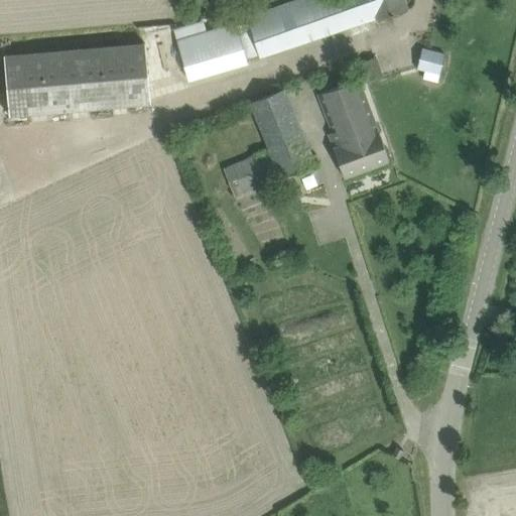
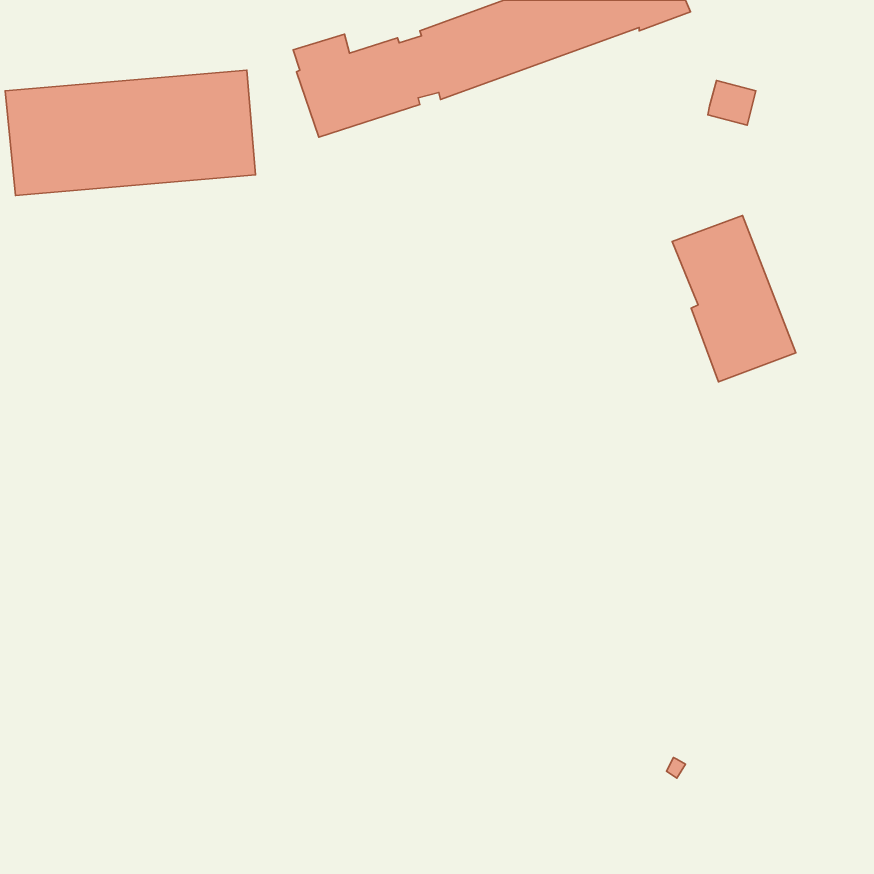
building: [316,80,389,177] -> [672,216,796,382]
building: [223,89,314,197] -> none

